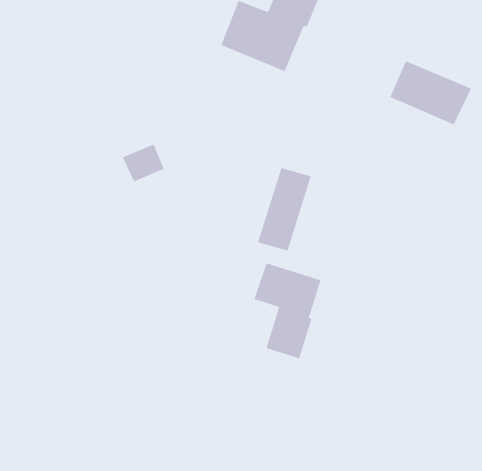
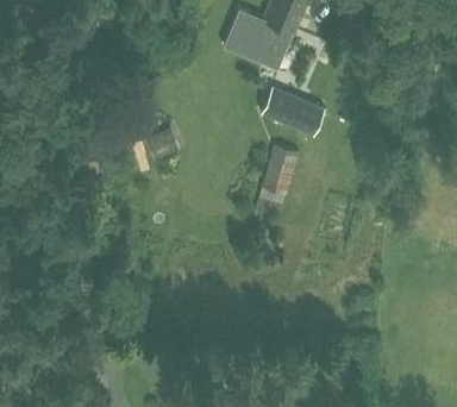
building: [389,60,472,125] -> [259,84,326,137]
building: [254,263,321,359] -> none

